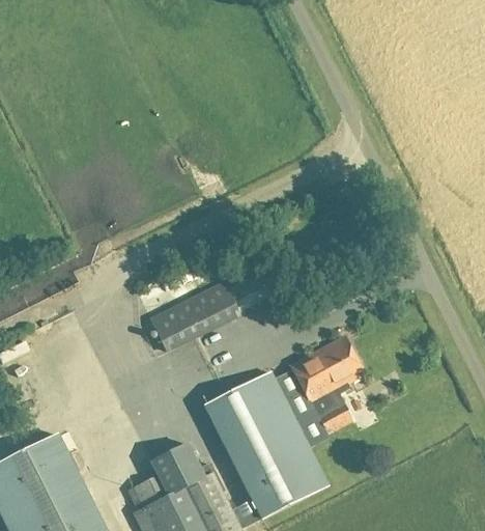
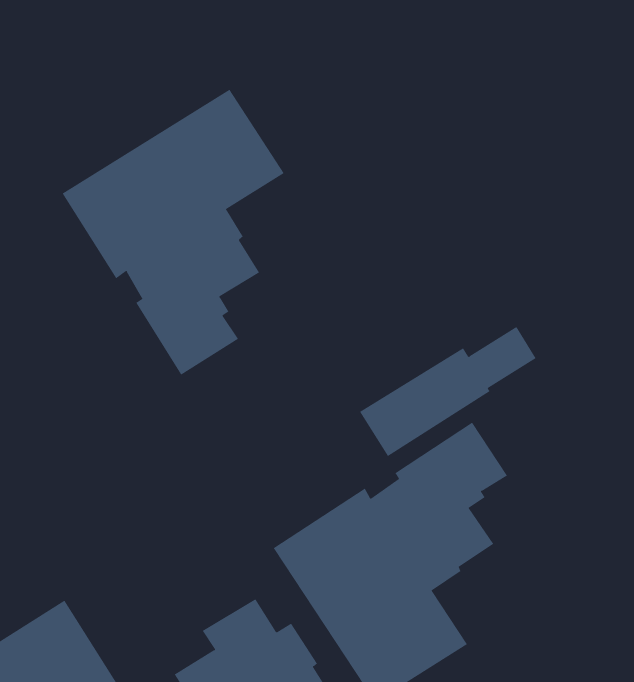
building: none -> [62,89,285,375]
building: [150,271,274,352] -> [359,326,536,457]

